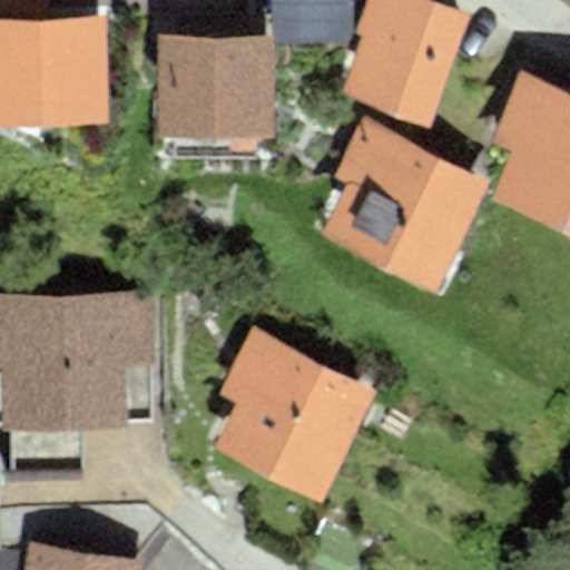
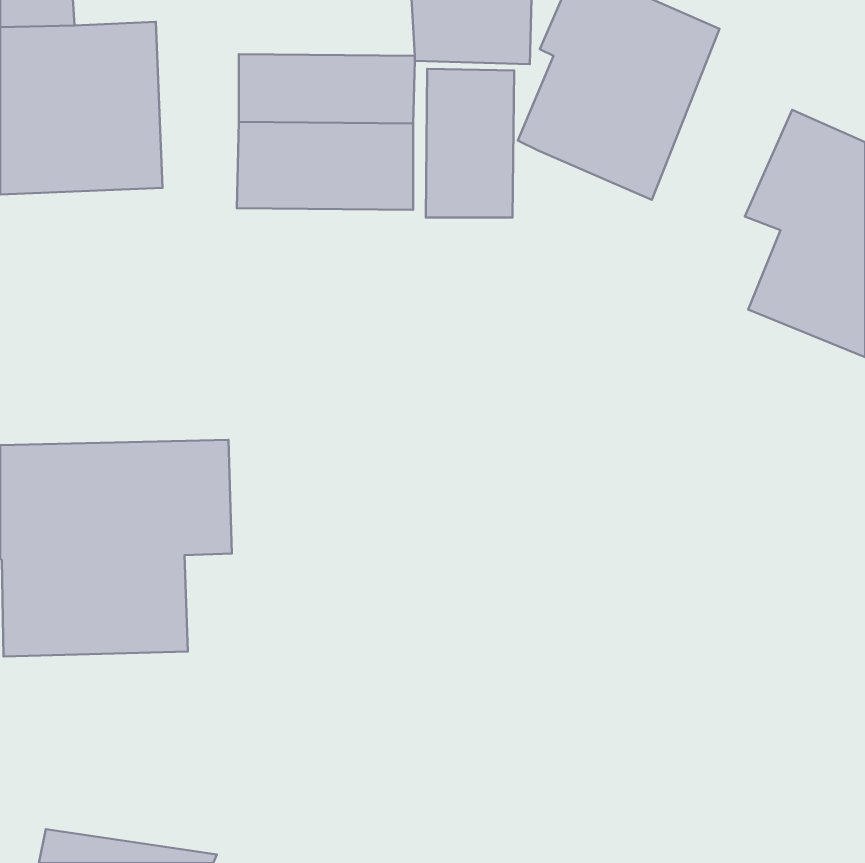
building: none -> [426,69,514,217]
building: [323,119,488,293] -> none
building: [213,325,377,503] -> none

